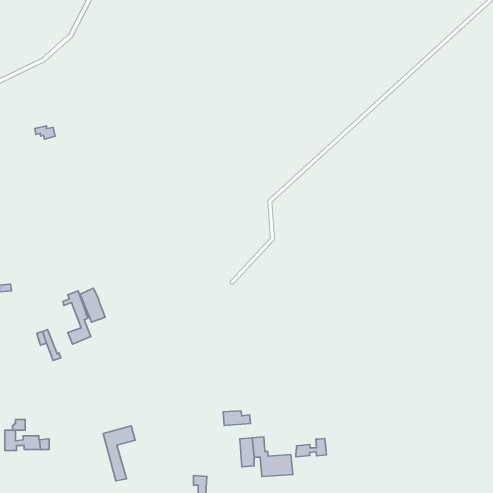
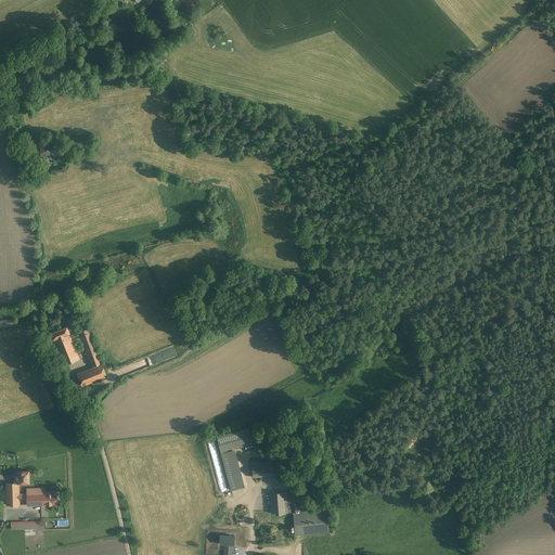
building: [80,288,105,322] -> [50,327,78,365]
building: [103,426,135,481] -> [216,428,251,490]
building: [296,438,326,457] -> none

